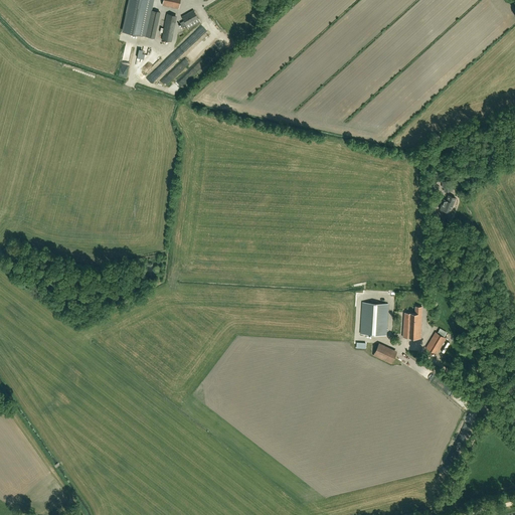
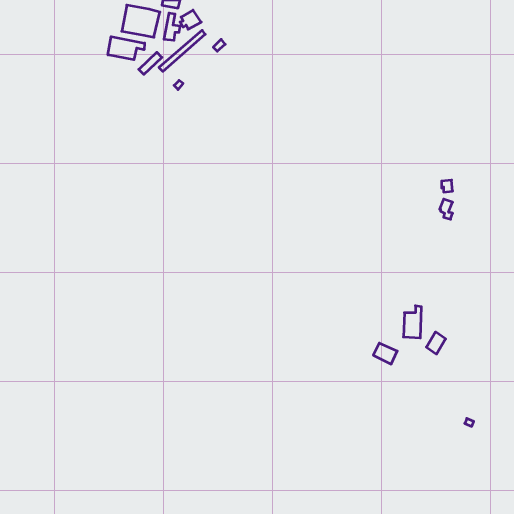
building: none -> [108,37,145,60]
building: [360,302,388,335] -> none

